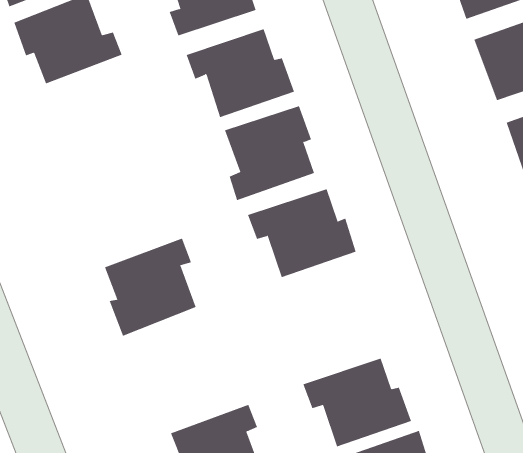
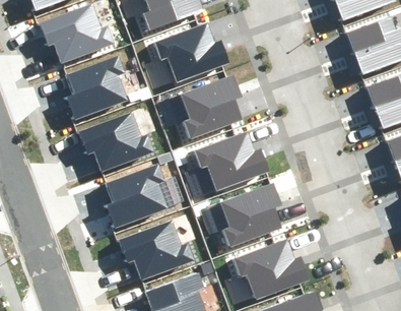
building: none -> [66,56,127,121]
building: none -> [80,111,153,171]
building: none -> [222,183,282,247]
building: none -> [117,221,190,281]

